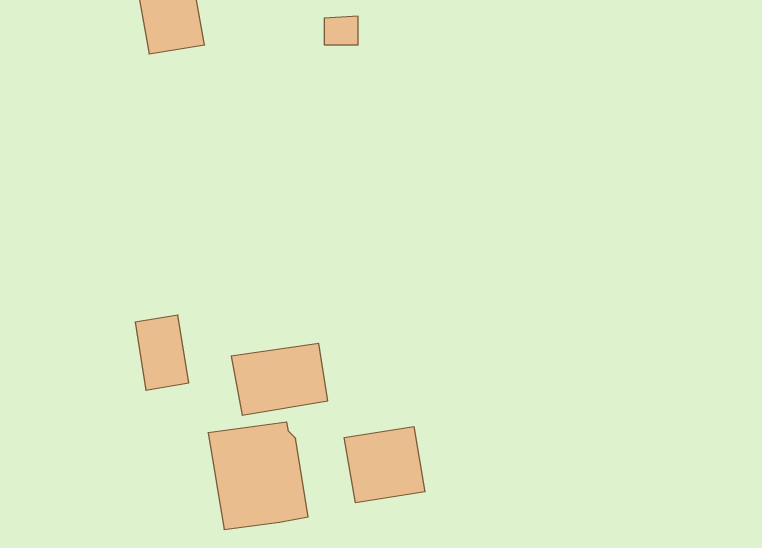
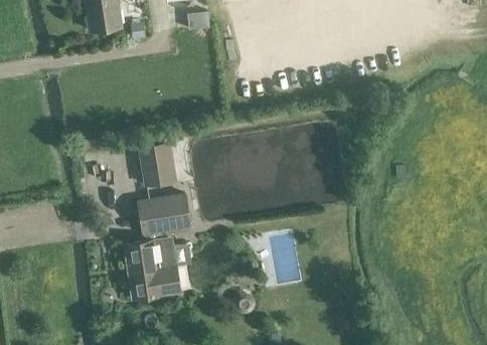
building: [135,315,189,390] -> [141,143,171,185]
building: [344,427,425,503] -> none

